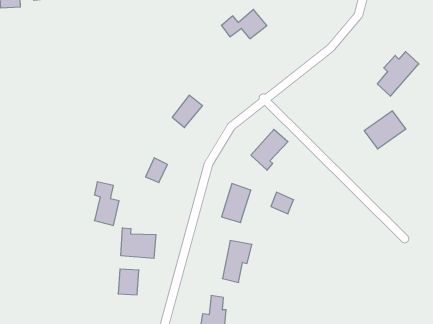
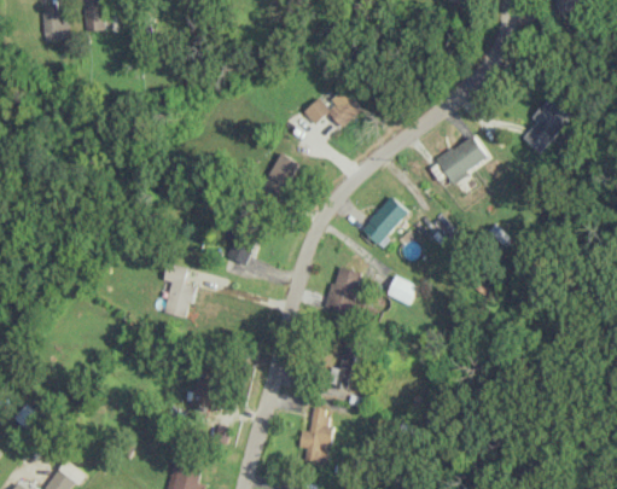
building: [221,9,267,39] -> [305,91,363,128]
building: [364,111,406,149] -> [436,135,489,184]
building: [121,228,156,258] -> none

